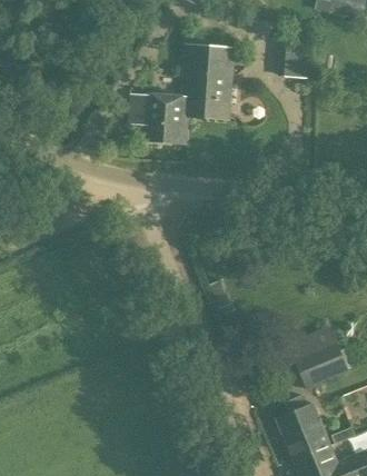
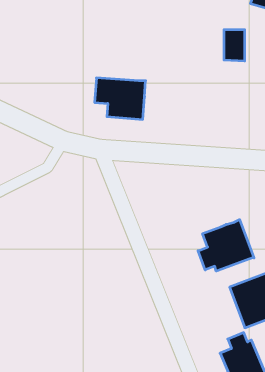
building: [181,43,234,119] -> none
building: none -> [198,220,254,271]

